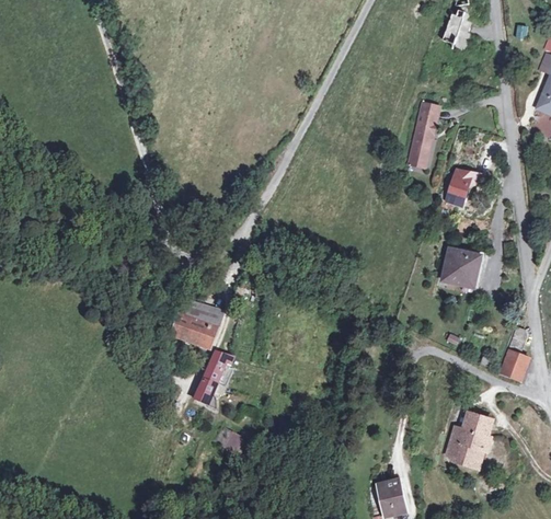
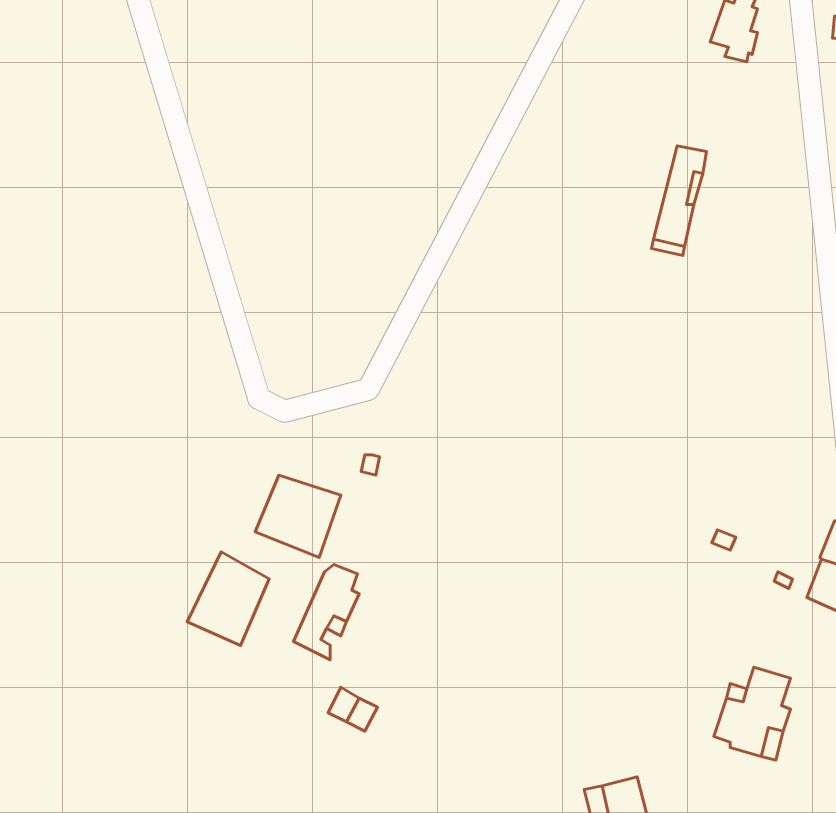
building: [445,170,477,205] -> none
building: [441,247,481,287] -> none
building: none -> [187,552,269,645]

